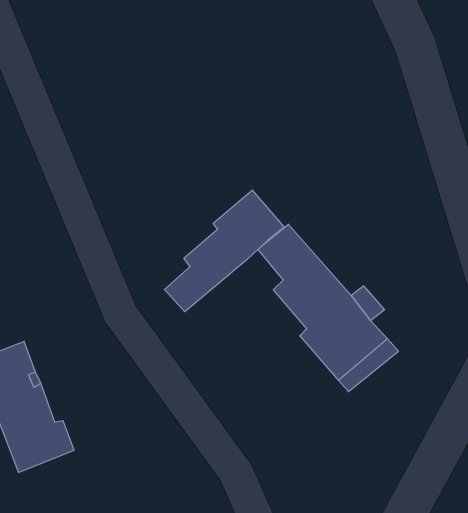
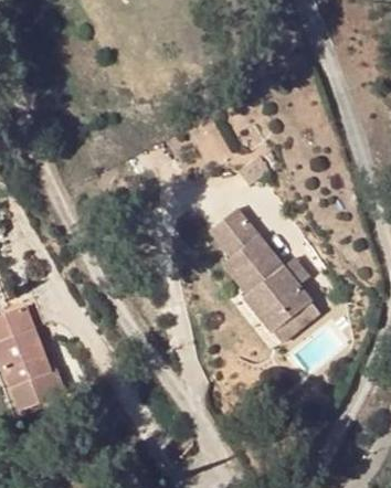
building: [164,190,284,312] -> none

